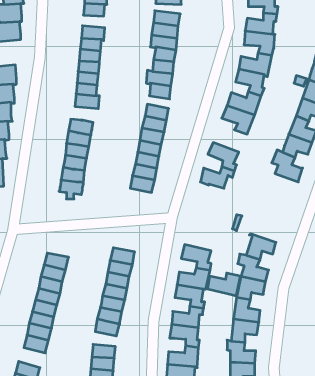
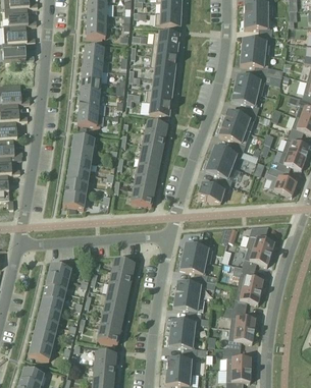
building: none -> [210,146,243,167]
building: none -> [246,226,274,254]
building: [207,273,240,296] -> [183,240,214,263]

